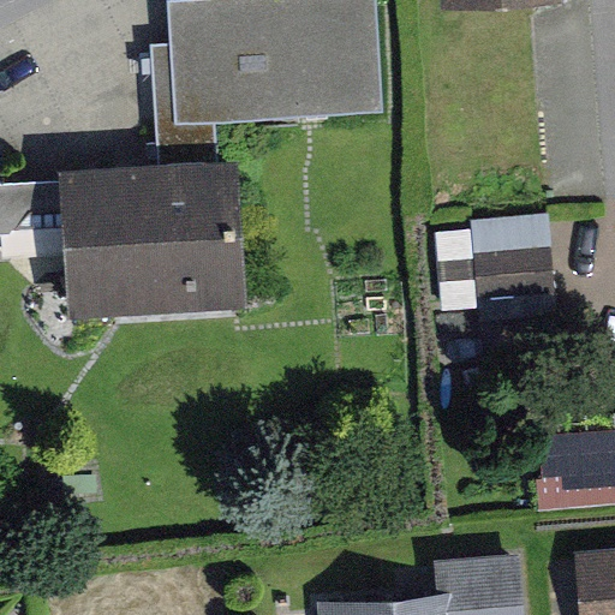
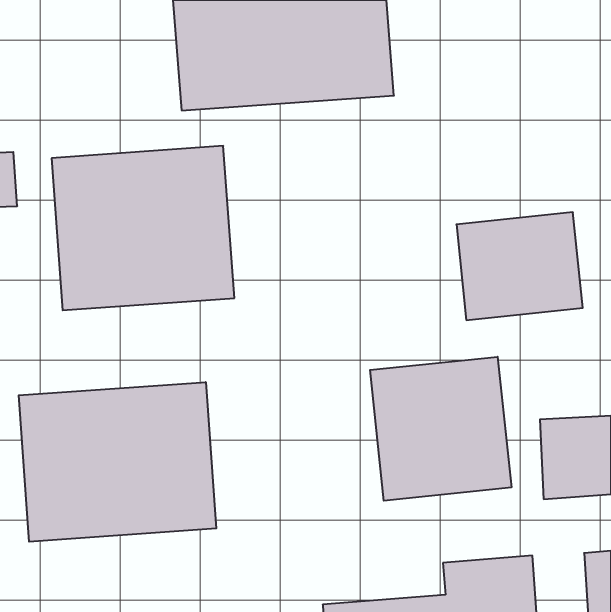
building: none -> [370,357,511,501]
building: none -> [19,382,216,542]

